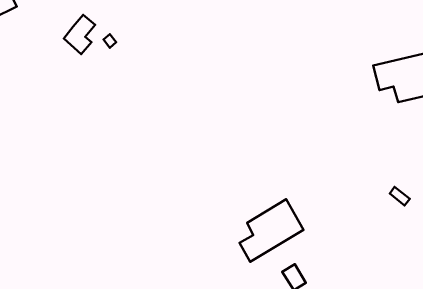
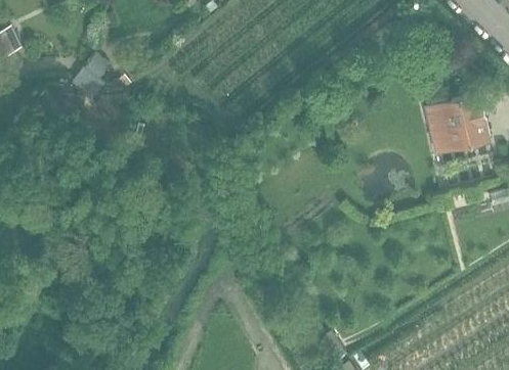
building: [240,199,303,262] -> none

